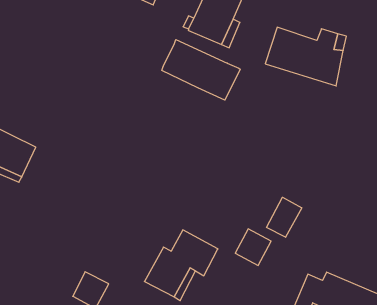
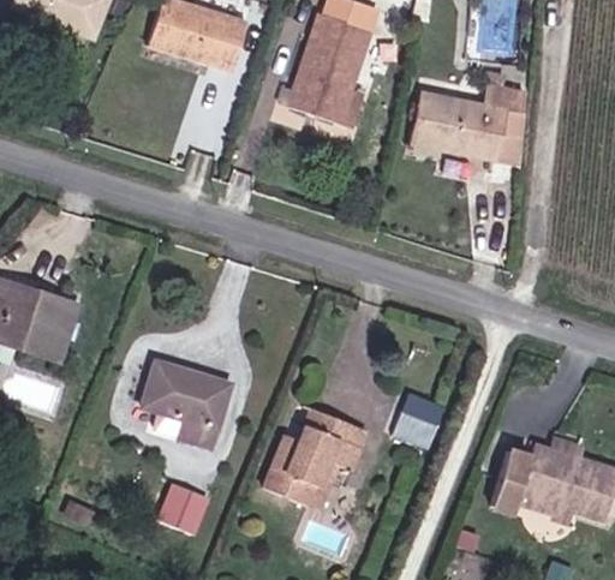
building: [162,40,240,100] -> none
building: none -> [142,361,231,447]
building: [267,197,302,237] -> none

